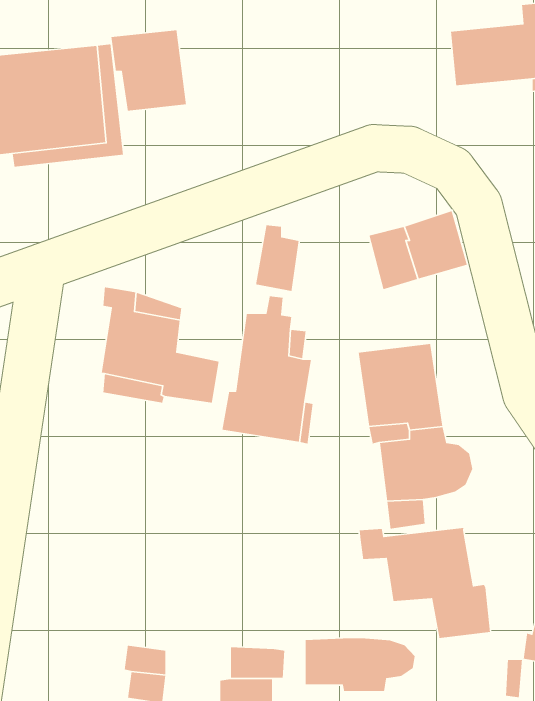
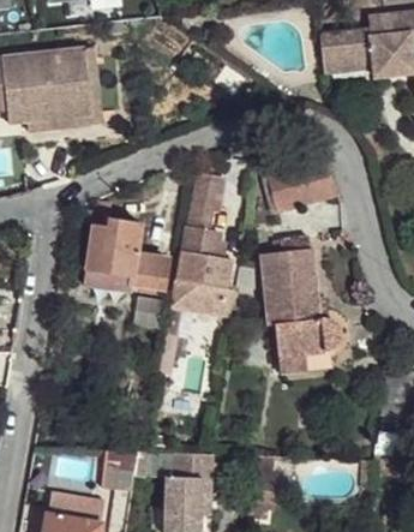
building: [110,30,187,111] -> none
building: [359,527,491,639] -> none
building: [305,637,415,692] -> none

